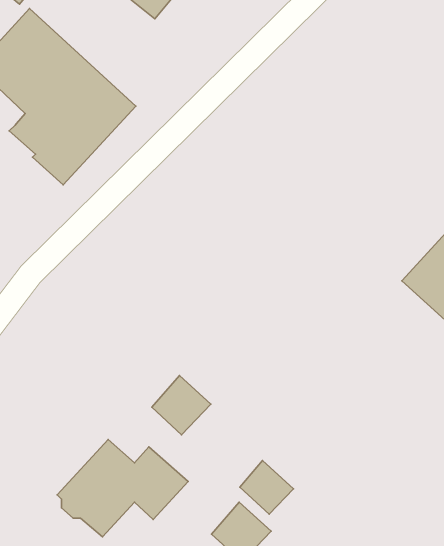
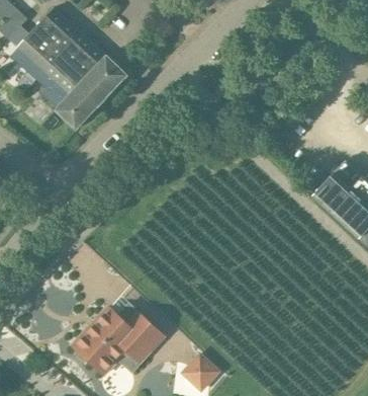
building: [152,376,211,435] -> none
building: [240,461,294,514] -> none

